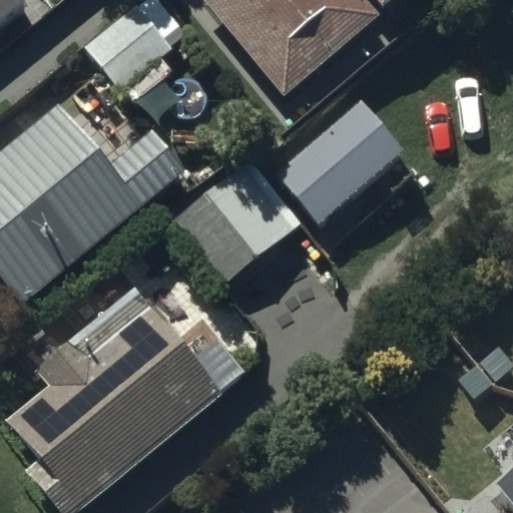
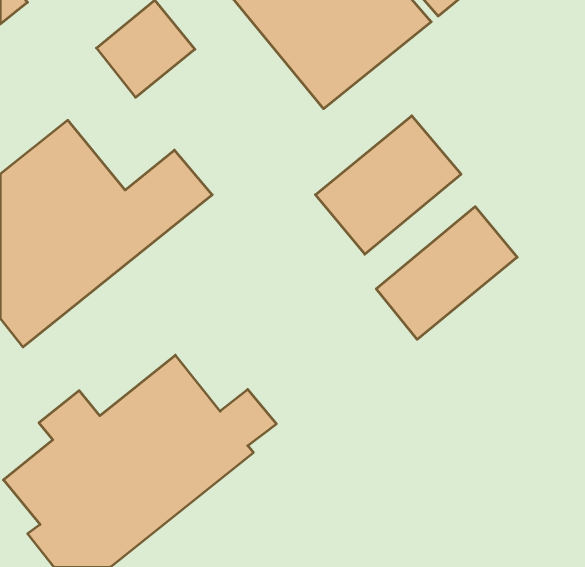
building: [170,157,297,287] -> none
building: none -> [376,207,517,339]

